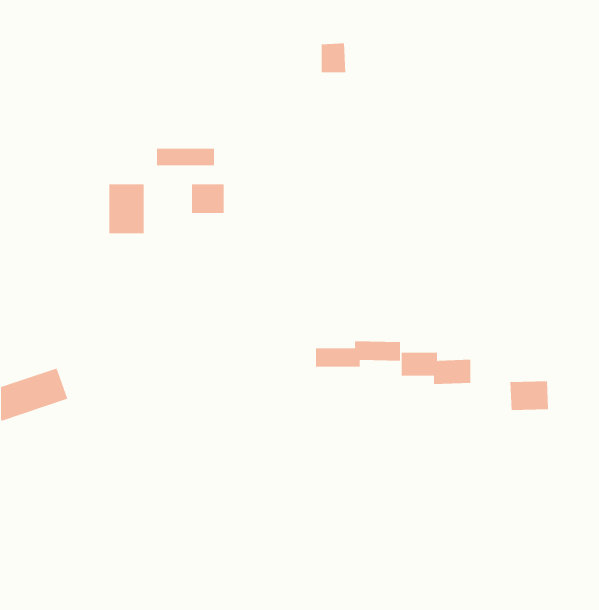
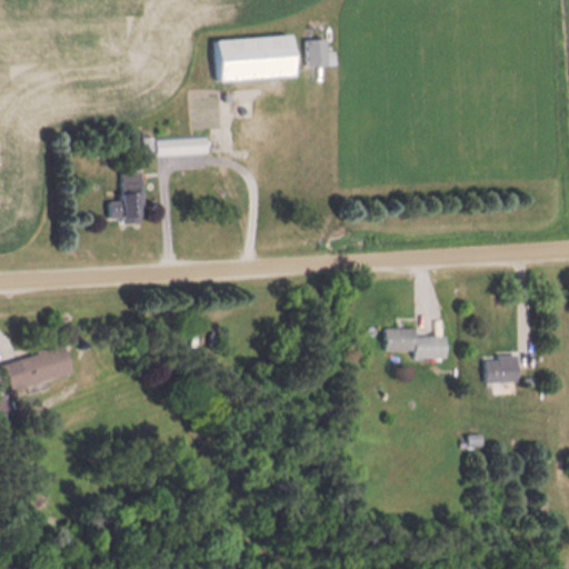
building: none -> [211,37,298,82]
building: [191,184,224,214] -> none
building: [316,340,401,368] -> none

